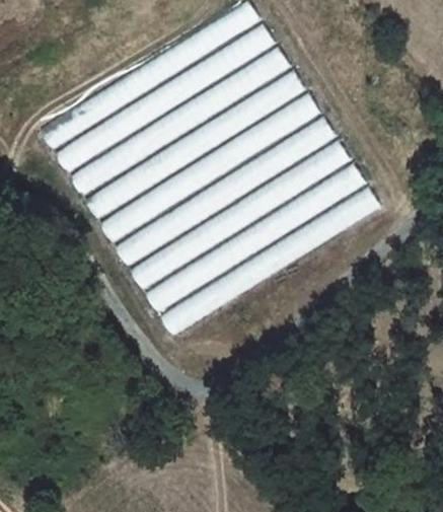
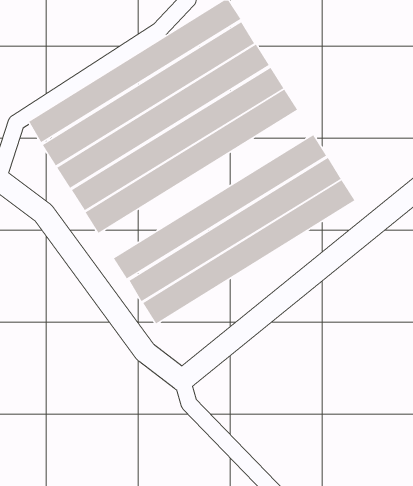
building: [115,117,337,268] -> none

